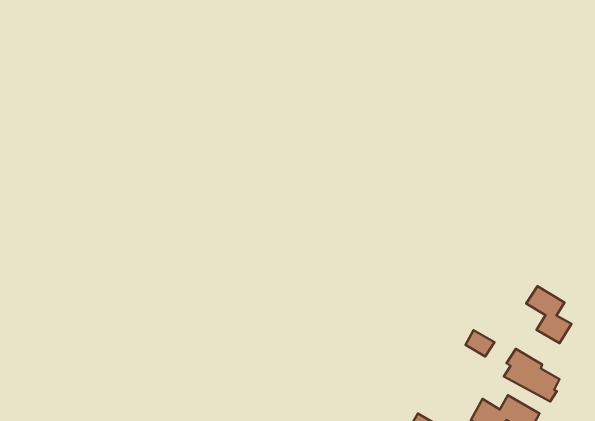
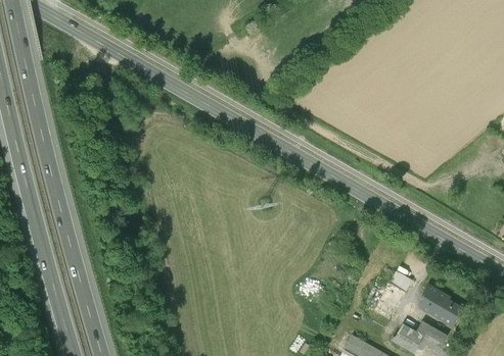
building: [526,286,572,343] -> none

